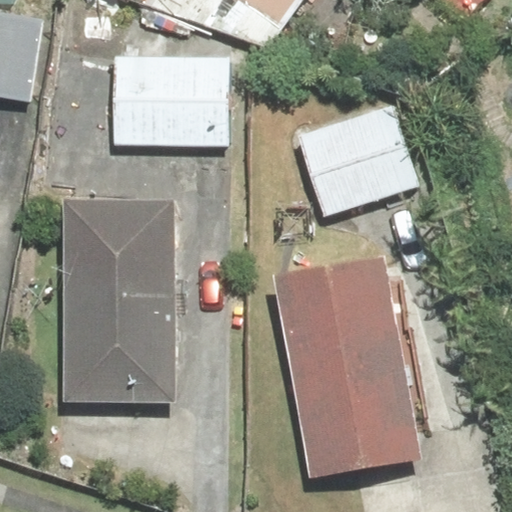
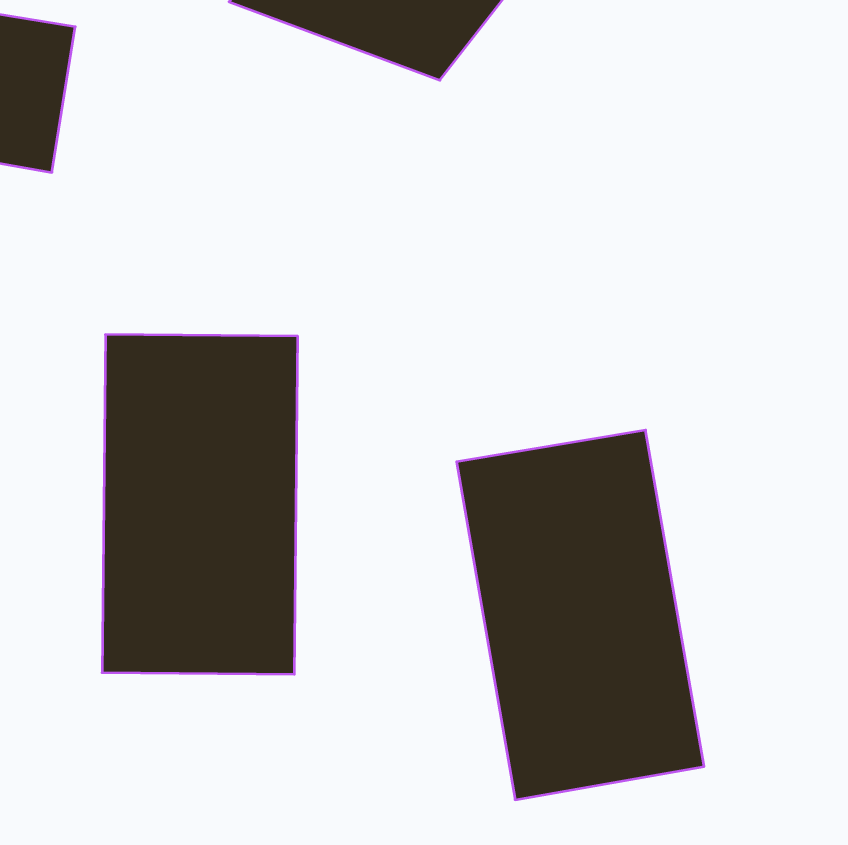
building: [105,51,230,144] -> none
building: [292,98,422,218] -> none

